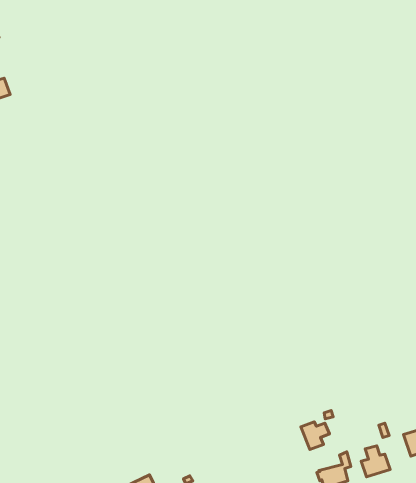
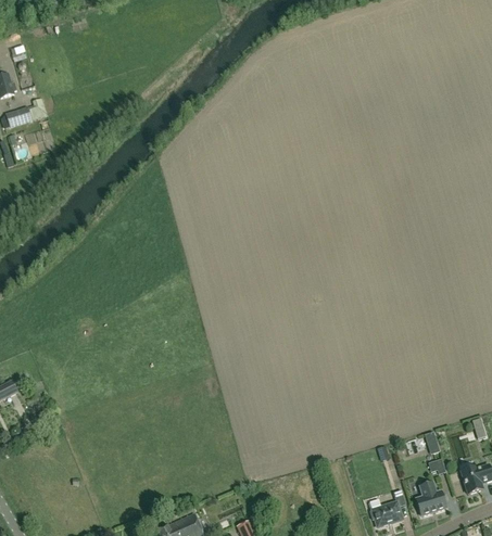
building: [301,422,329,450] -> none

